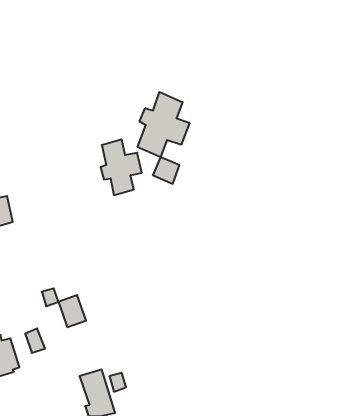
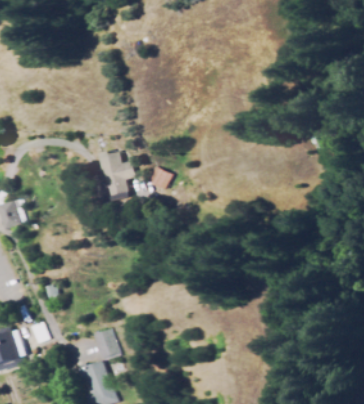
building: [138,92,189,157] -> none
building: [58,295,86,327] -> [94,330,119,359]

